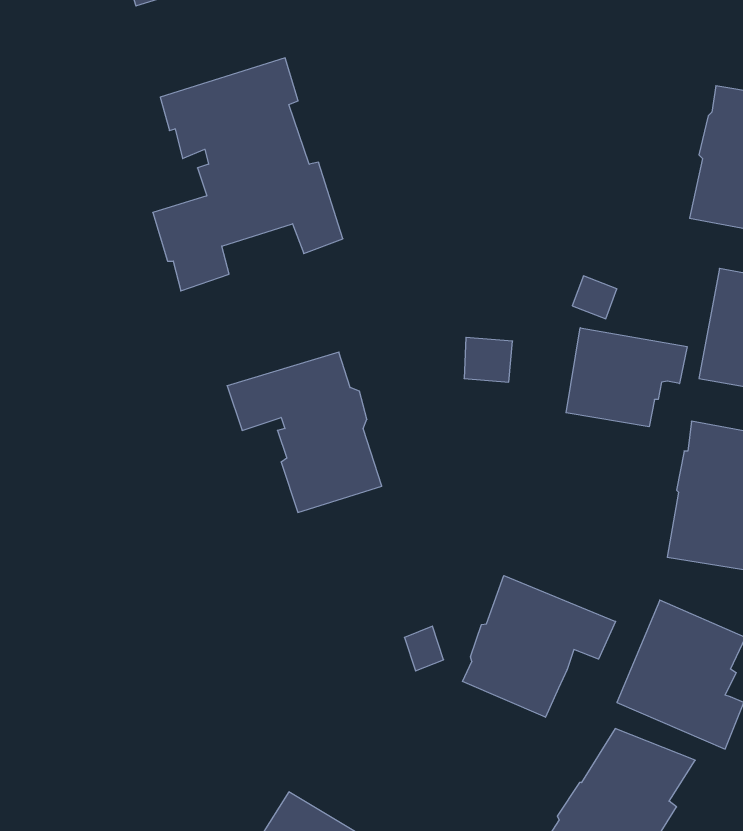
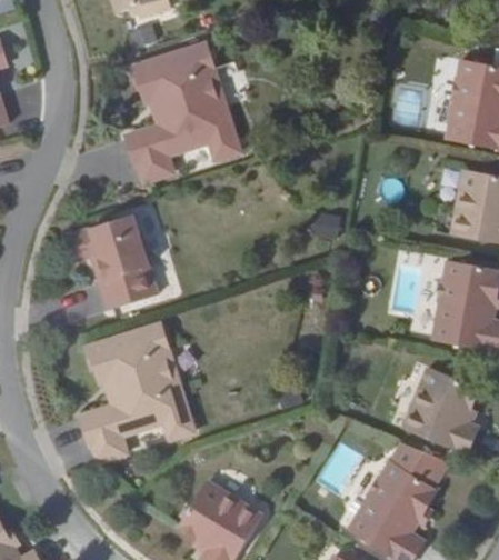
building: [566,328,687,427] -> none
building: [227,352,382,512] -> [66,214,158,310]
building: none -> [80,323,193,462]
building: [463,576,616,717] -> none

